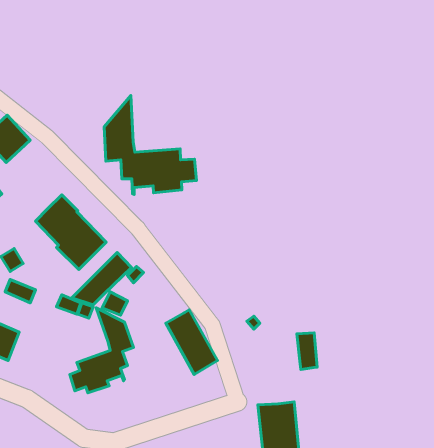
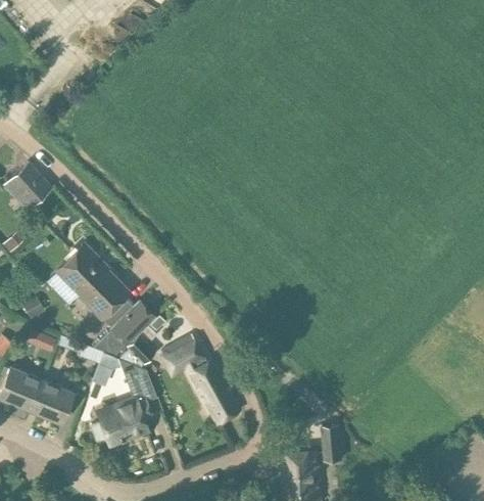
building: [104,95,196,194] -> none
building: none -> [158,335,206,377]
building: none -> [29,382,71,423]
building: [297,333,317,369] -> [323,425,343,462]

